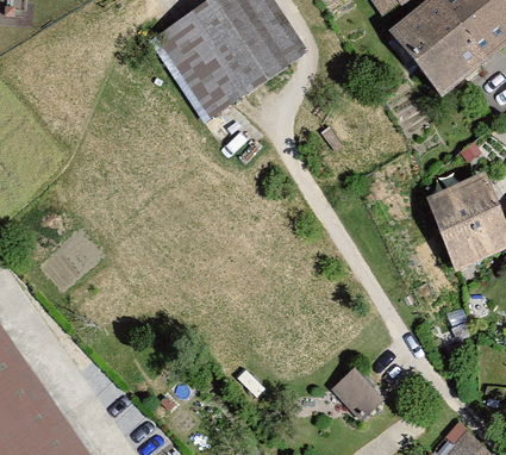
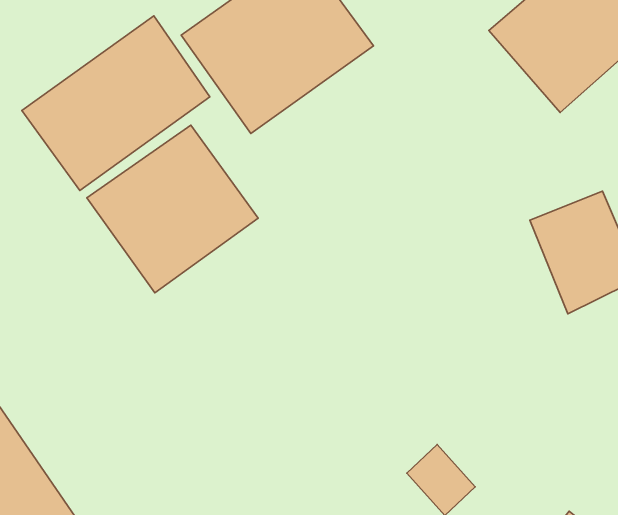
building: none -> [22,16,210,190]
building: none -> [87,125,258,293]

